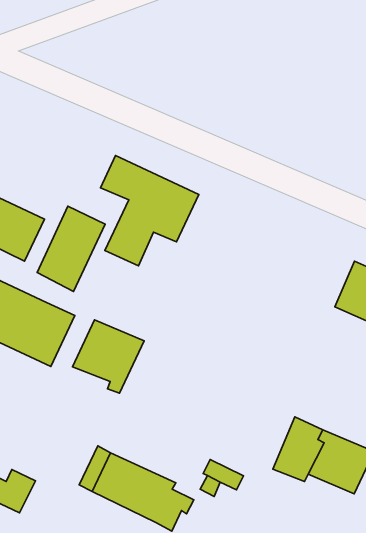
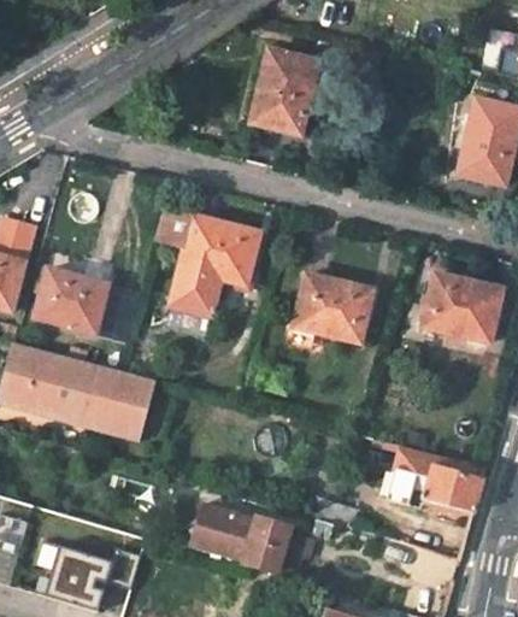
building: none -> [251,49,320,133]
building: [37,206,105,292] -> none
building: none -> [294,272,371,339]
building: [72,320,144,393] -> none

